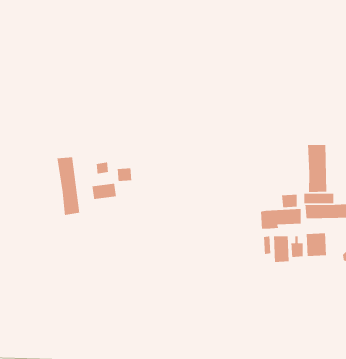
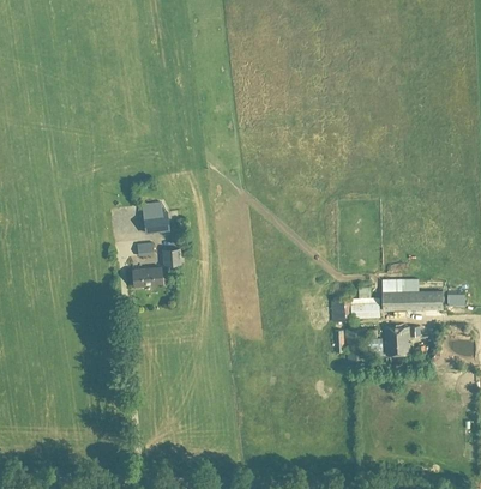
building: none -> [142,203,169,233]
building: [307,144,327,193] -> none
building: [57,156,80,216] -> none

